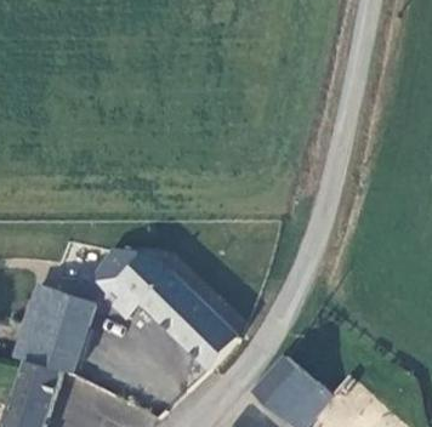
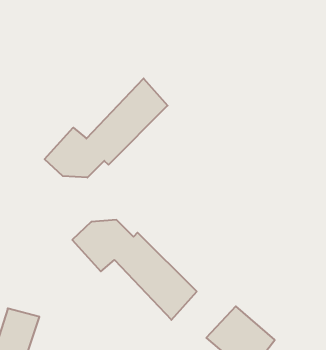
building: none -> [45,78,168,178]
building: [23,287,95,374] -> none

